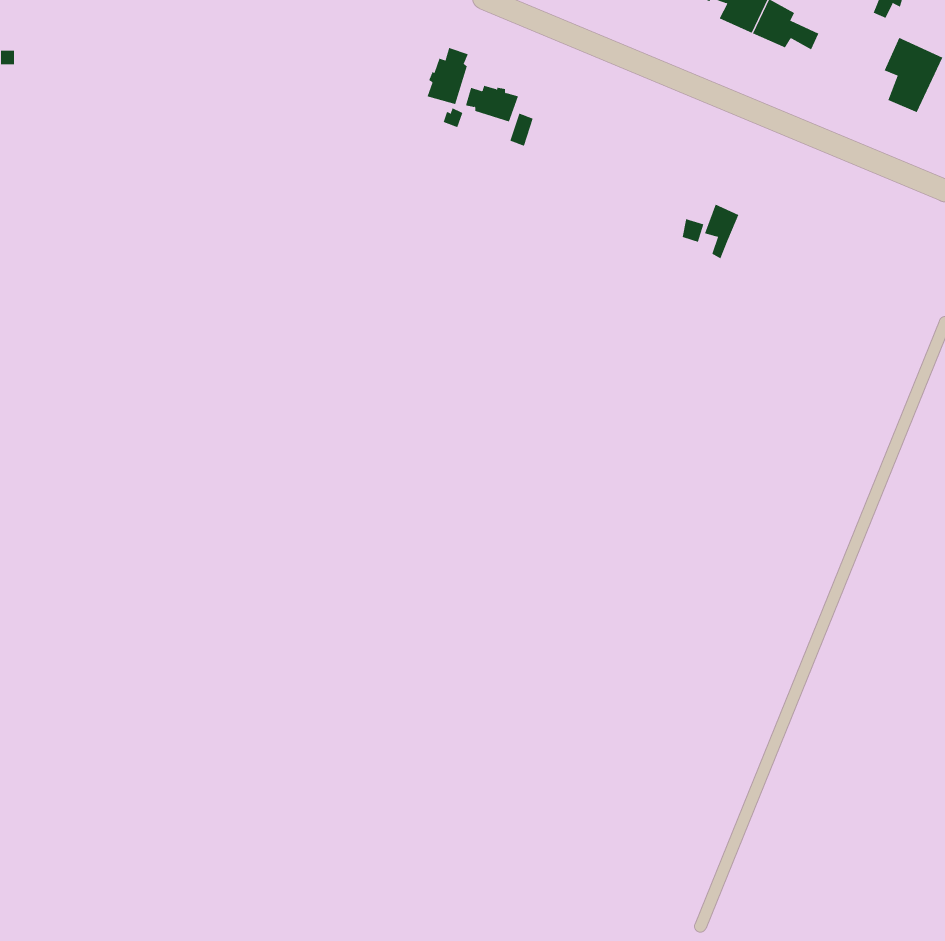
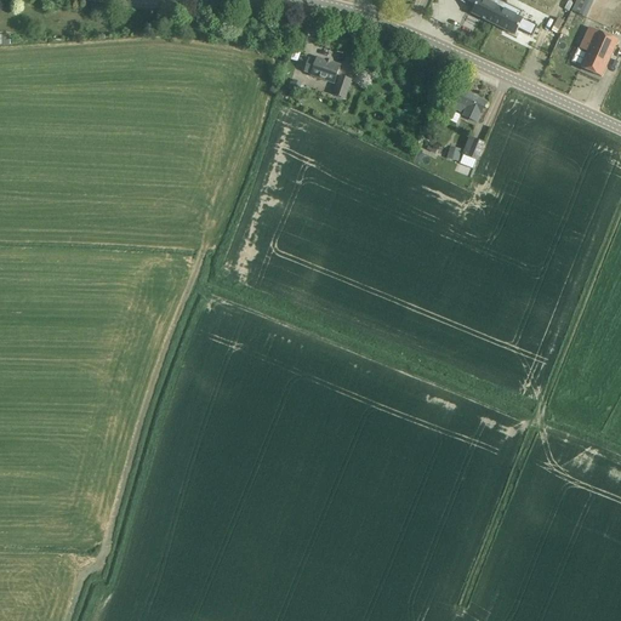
building: [427,47,469,105] -> none
building: none -> [452,87,485,119]

